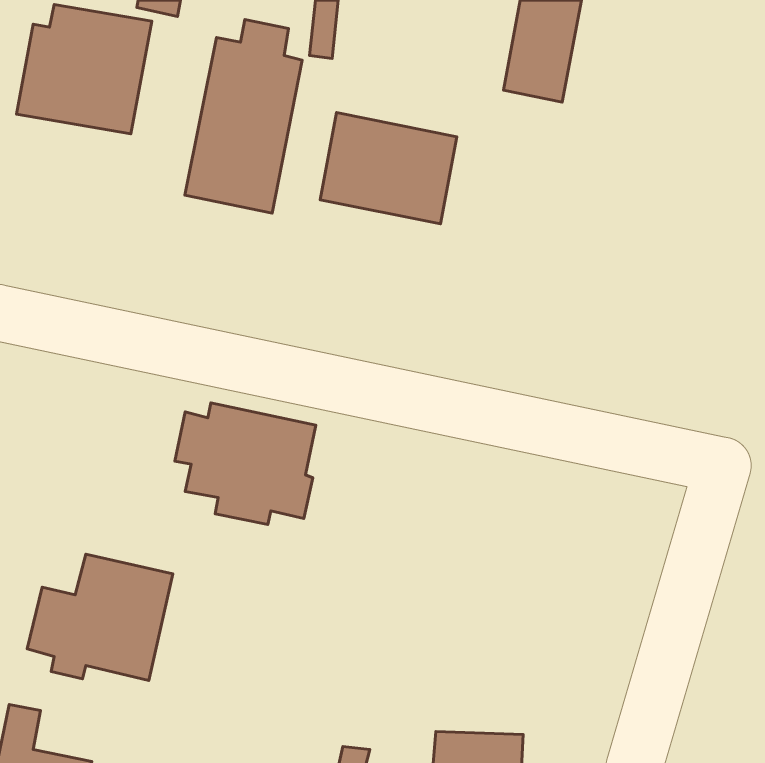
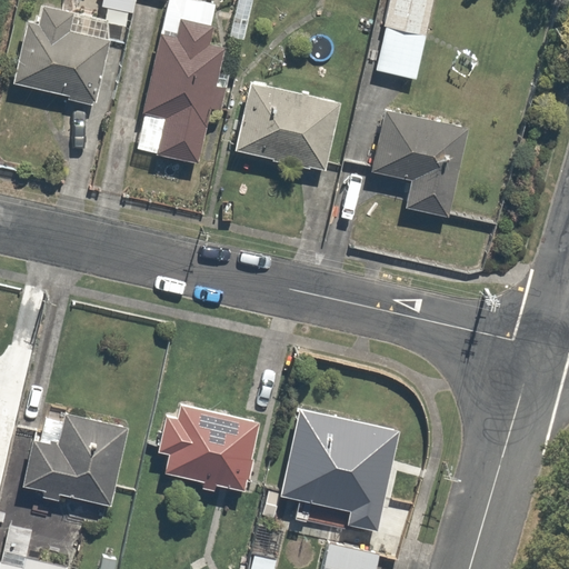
building: none -> [375,111,467,218]
building: [175,403,316,524] -> [157,406,261,496]
building: none -> [281,409,387,533]

